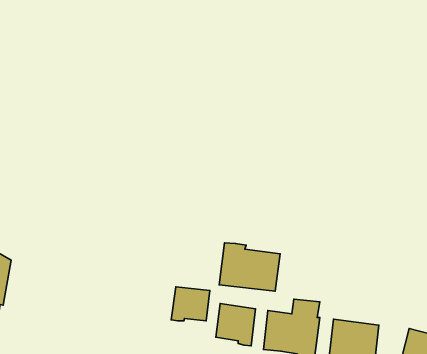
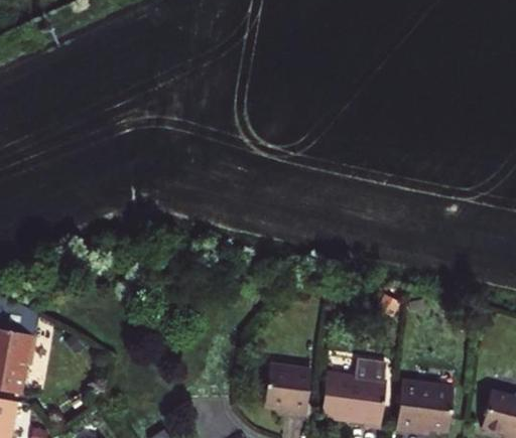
building: [219,243,280,291] -> none
building: [171,287,210,321] -> none

